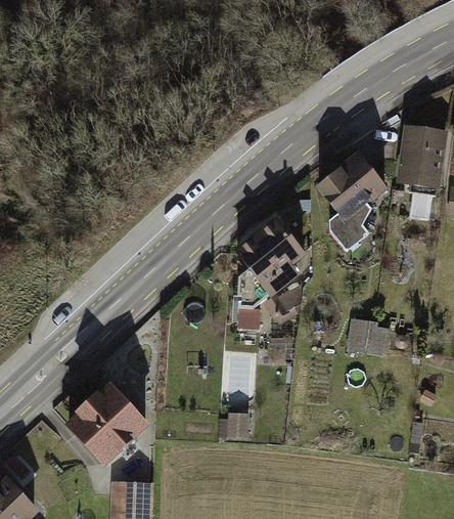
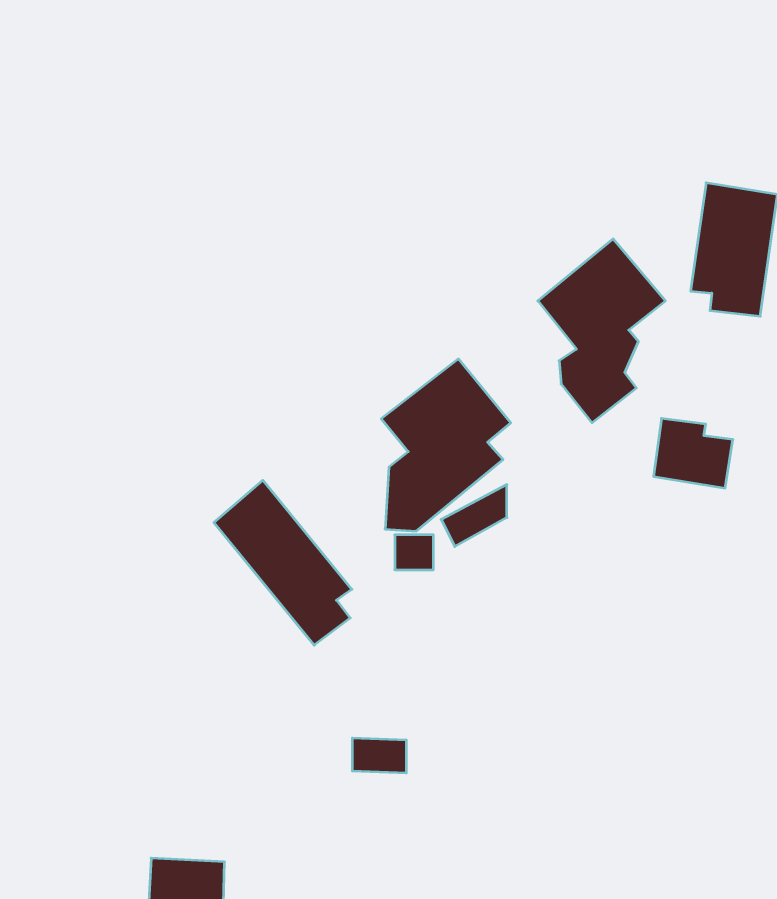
building: none -> [214,480,352,645]
building: [348,318,390,355] -> [654,418,733,488]
building: [65,381,146,462] -> none

